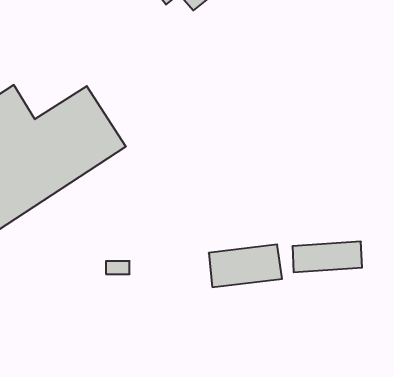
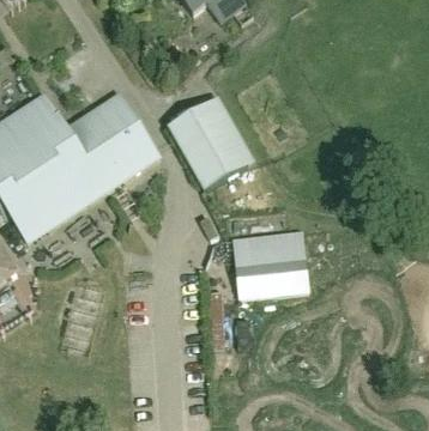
building: none -> [168,96,254,187]
building: [292,242,362,272] -> [237,229,308,260]

